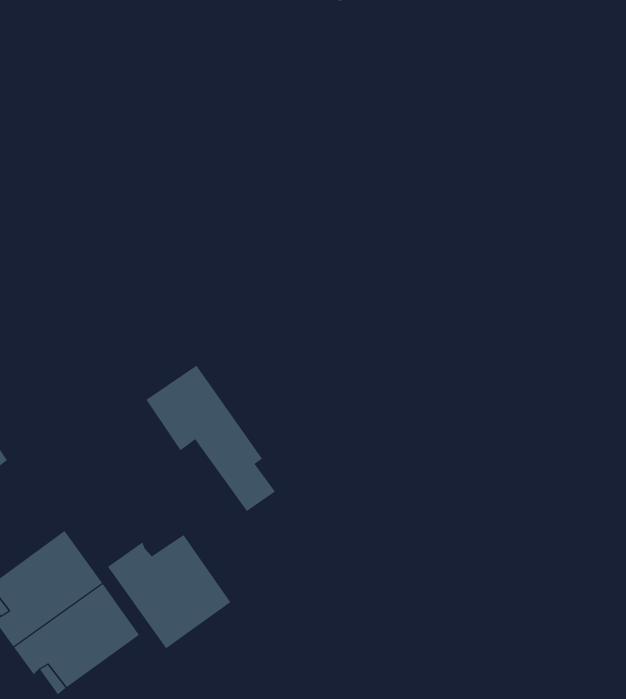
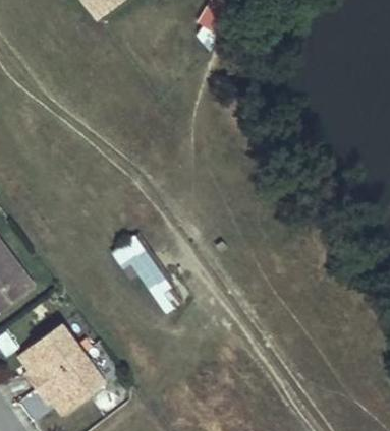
building: [107,534,231,649] -> none

